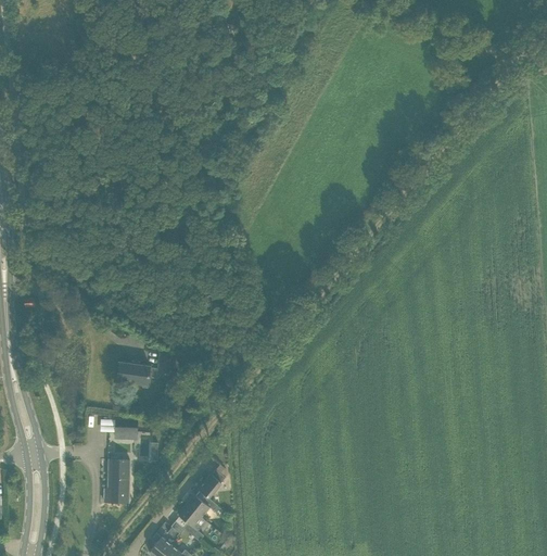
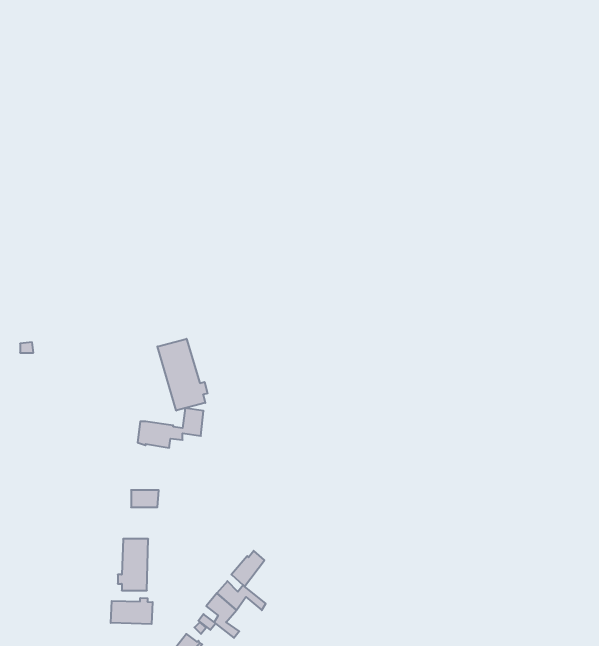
building: none -> [157,339,208,411]
building: none -> [111,598,153,624]

